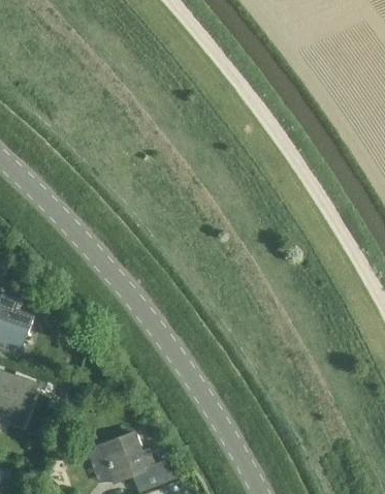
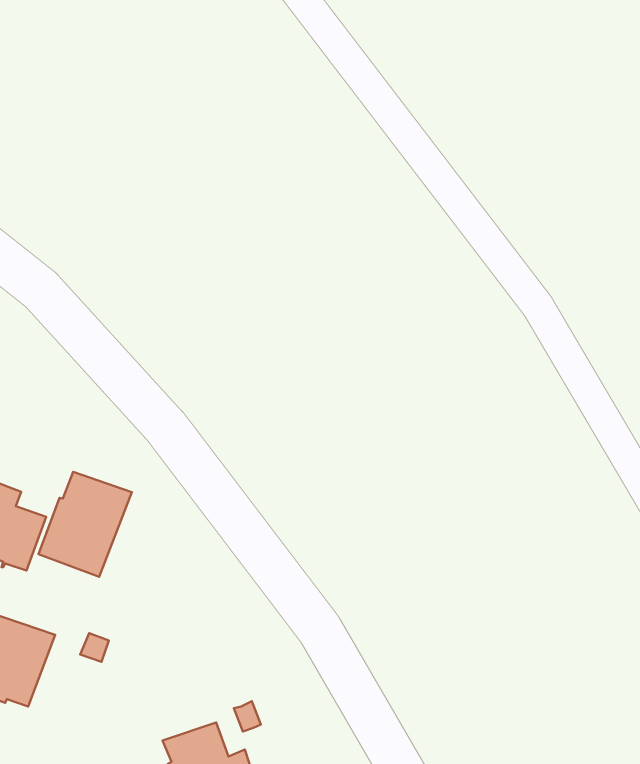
building: none -> [38,472,132,577]

